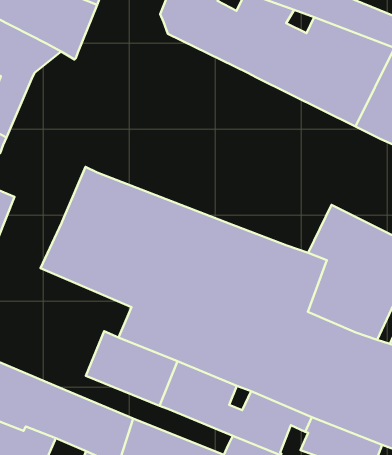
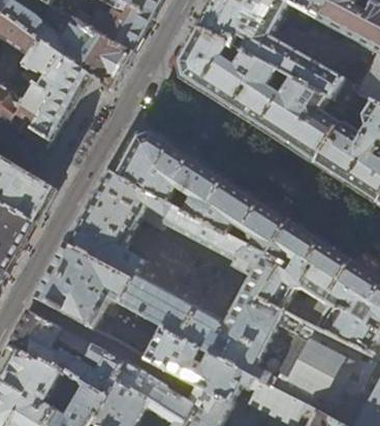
building: none -> [118,132,291,254]
building: none -> [36,243,132,328]

